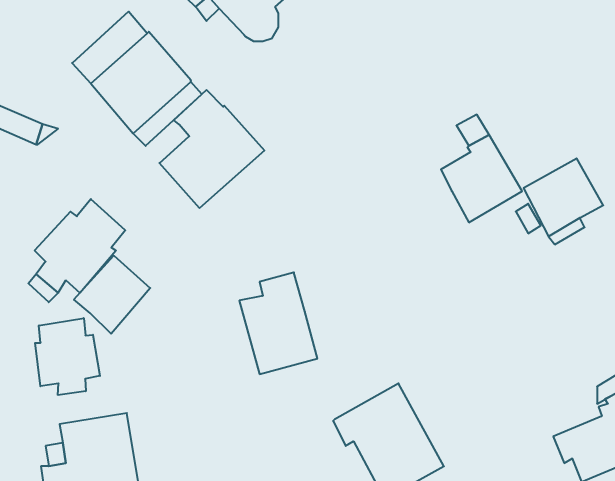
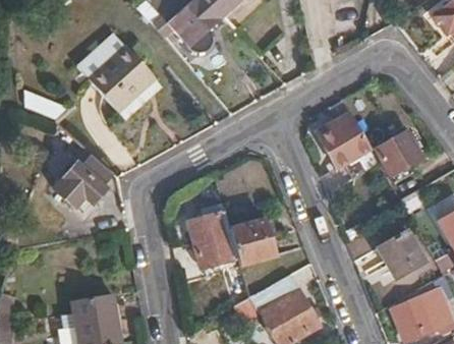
building: [159,90,264,208] -> none
building: [74,256,150,334] -> none
building: none -> [230,218,278,267]
building: none -> [377,230,425,280]
building: [35,318,100,395] -> none

